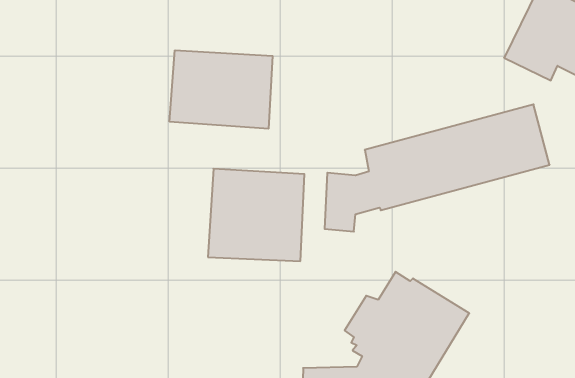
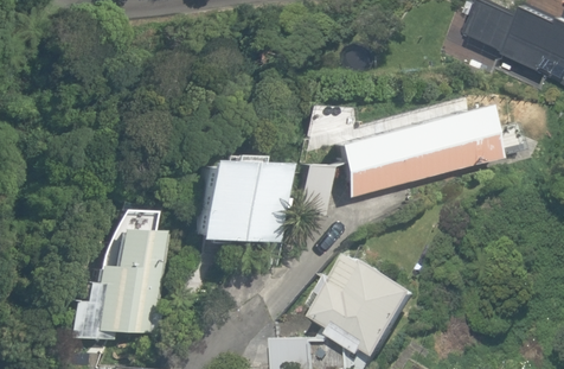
building: [170,50,273,129] -> none
building: none -> [65,211,162,341]

